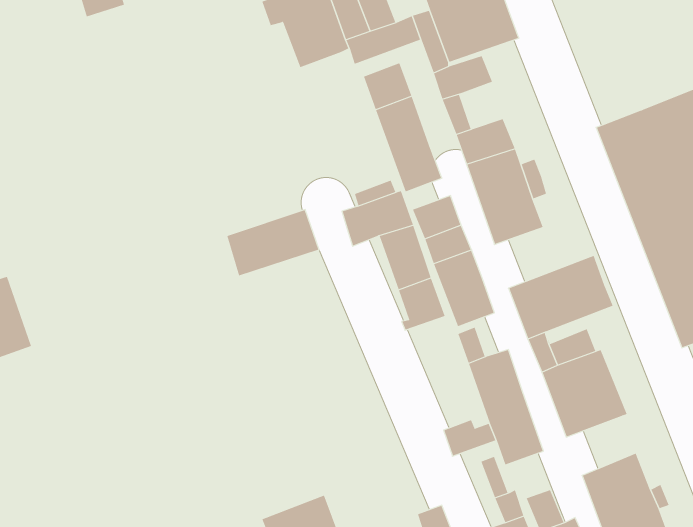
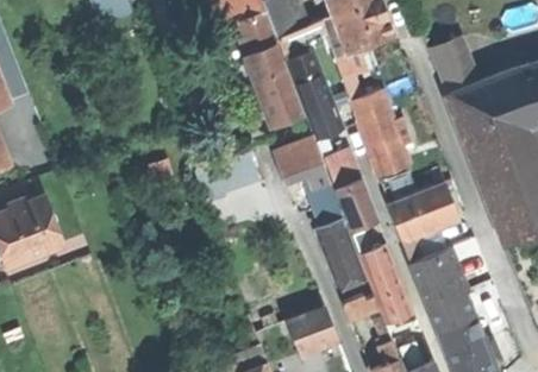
building: none -> [428,40,477,96]
building: none -> [245,45,300,125]
building: none -> [317,225,363,291]
building: none -> [426,292,474,333]
building: none -> [286,308,337,355]

